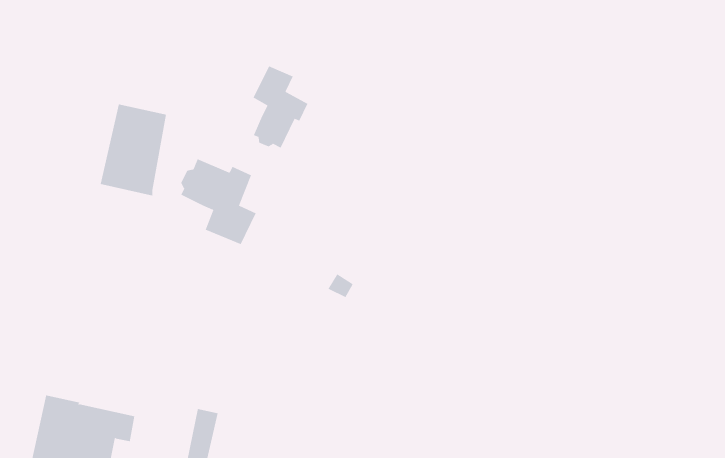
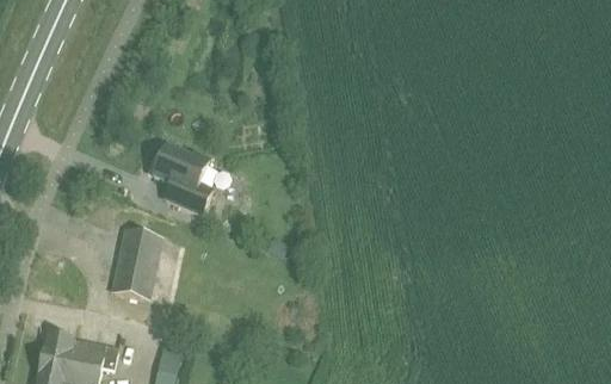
building: [253,65,308,148] -> none
building: [100,104,167,196] -> [110,227,162,299]

